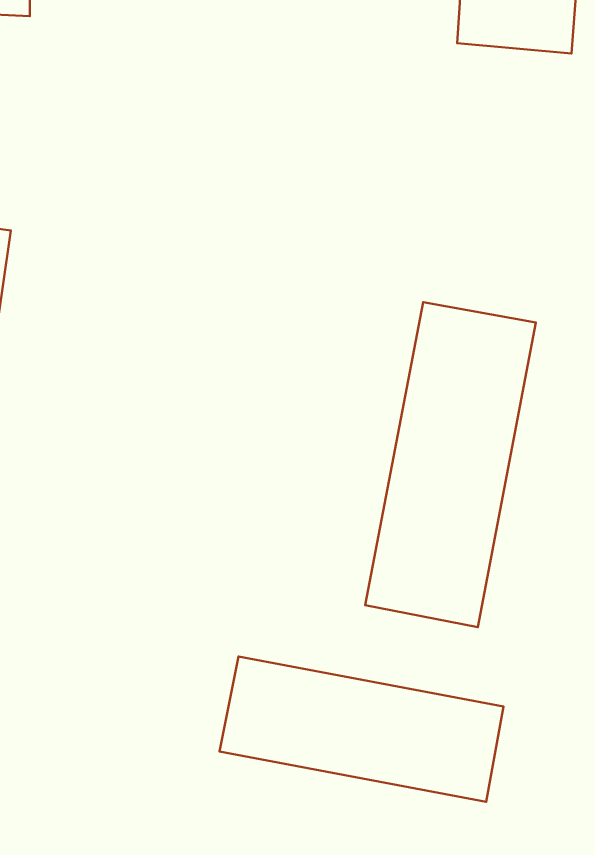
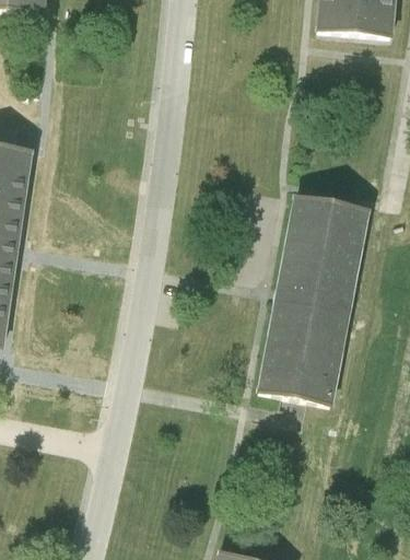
building: [220,656,503,802] -> none

